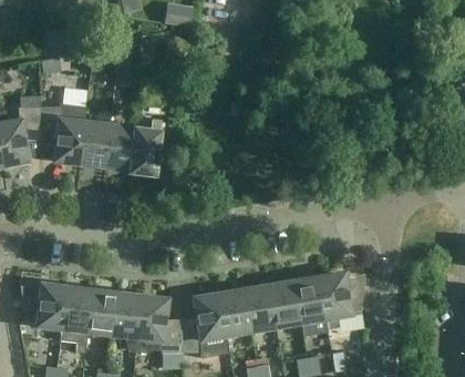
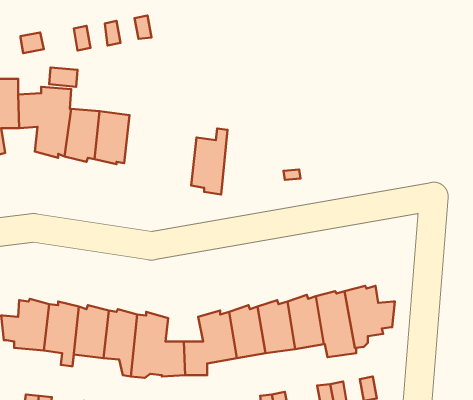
building: [130,119,161,175] -> [191,128,227,194]

